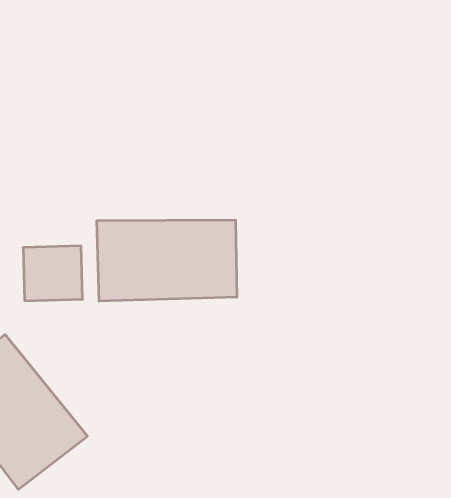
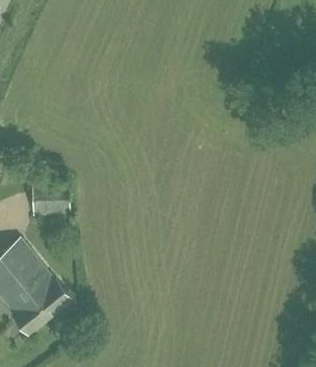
building: [97,220,237,301] -> none

